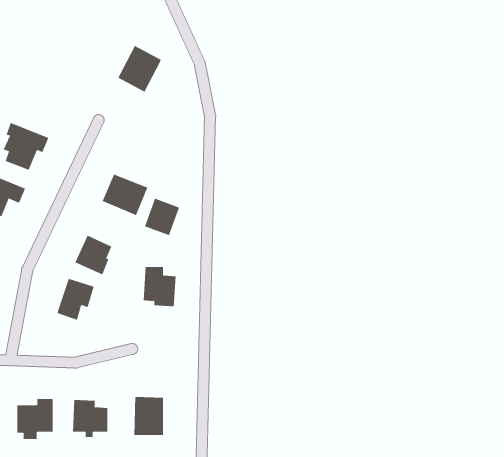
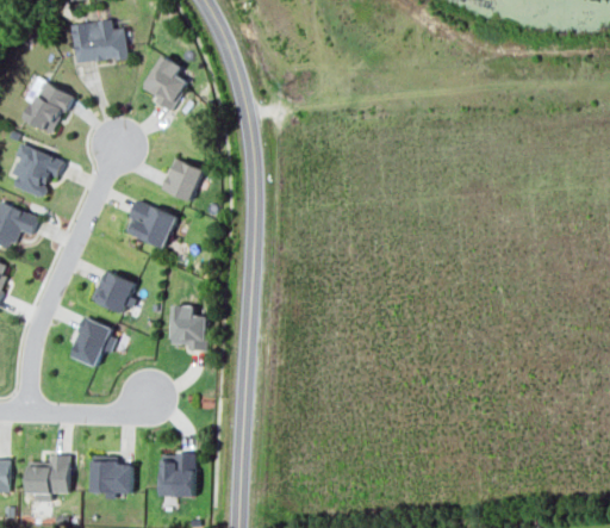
building: none -> [71,19,127,64]
building: none -> [25,81,74,135]
building: [144,198,180,236] -> [162,159,203,201]

